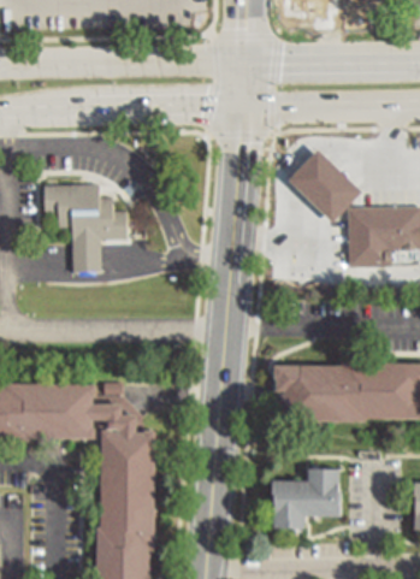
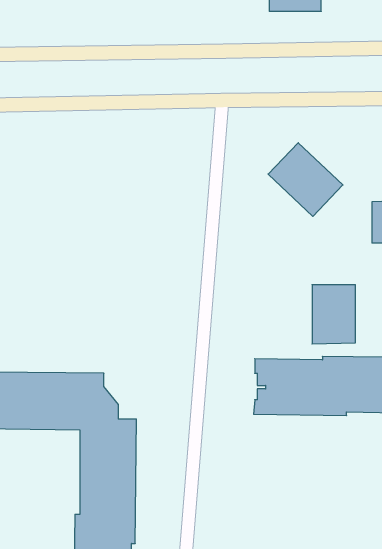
building: [43,185,128,273] -> none
building: [348,209,391,268] -> [312,285,355,344]
building: [273,469,341,530] -> none

